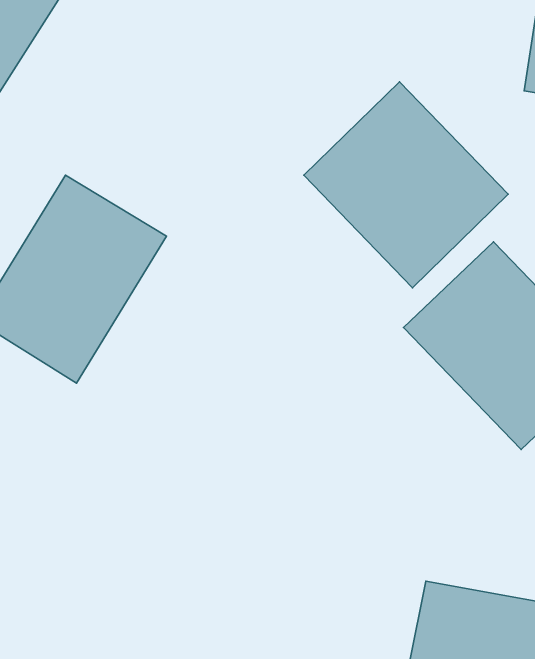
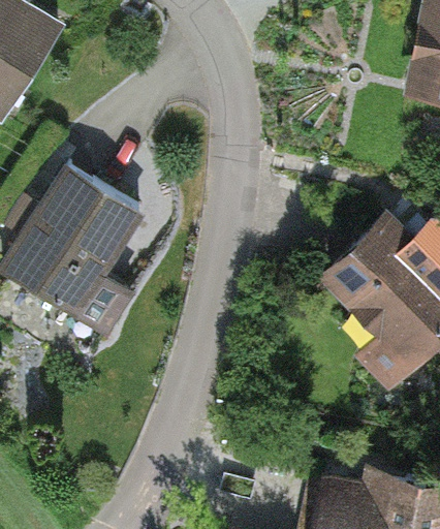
building: [304,82,508,288] -> none

